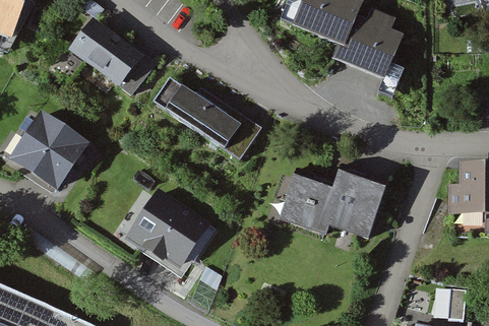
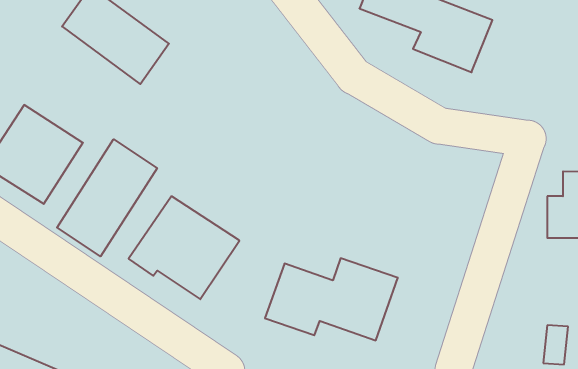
building: [151,72,259,155] -> none
building: none -> [57,139,157,256]
building: [281,175,384,239] -> [265,258,398,340]

